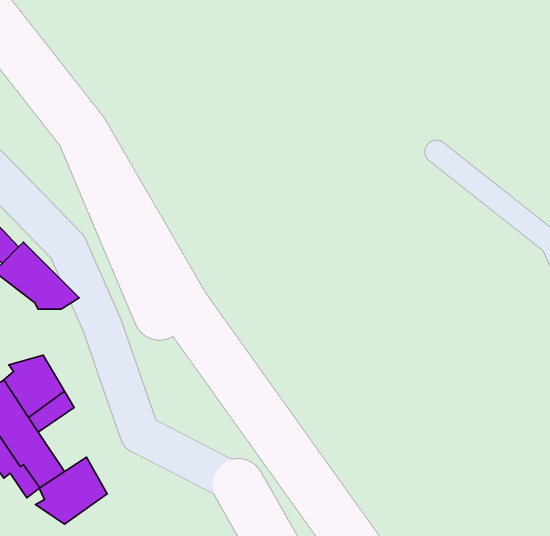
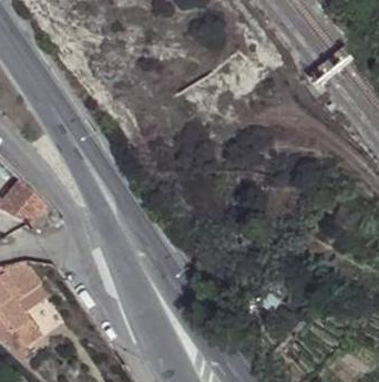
building: [36,457,107,524] -> none

